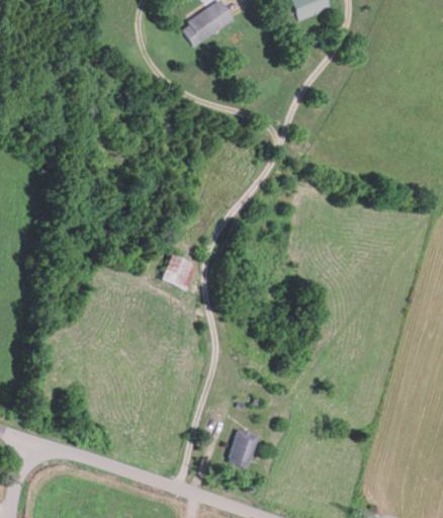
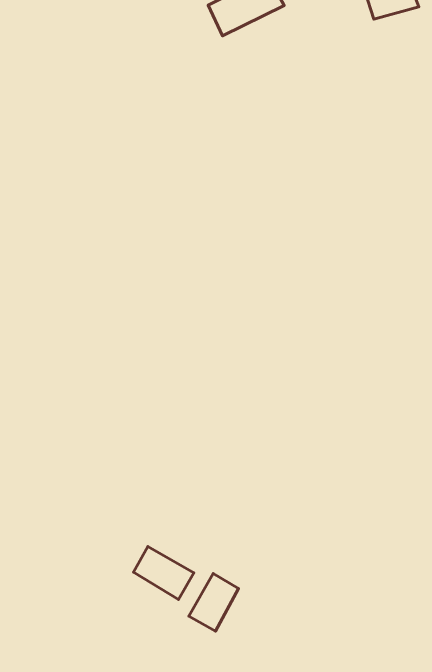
building: [159,252,198,289] -> none
building: none -> [134,546,194,599]

